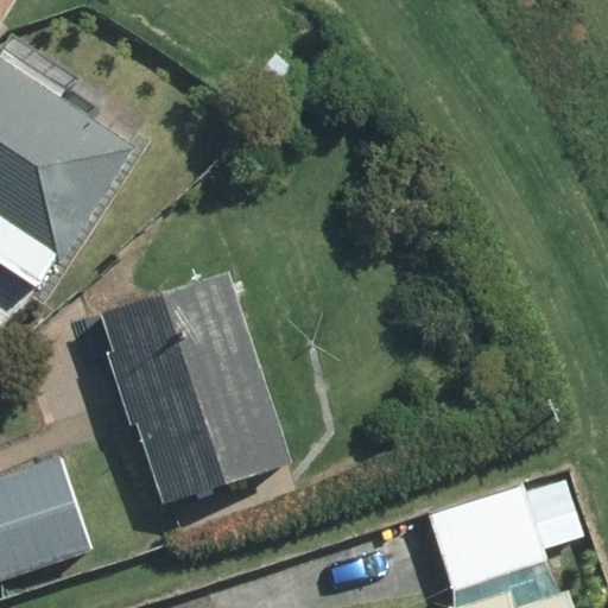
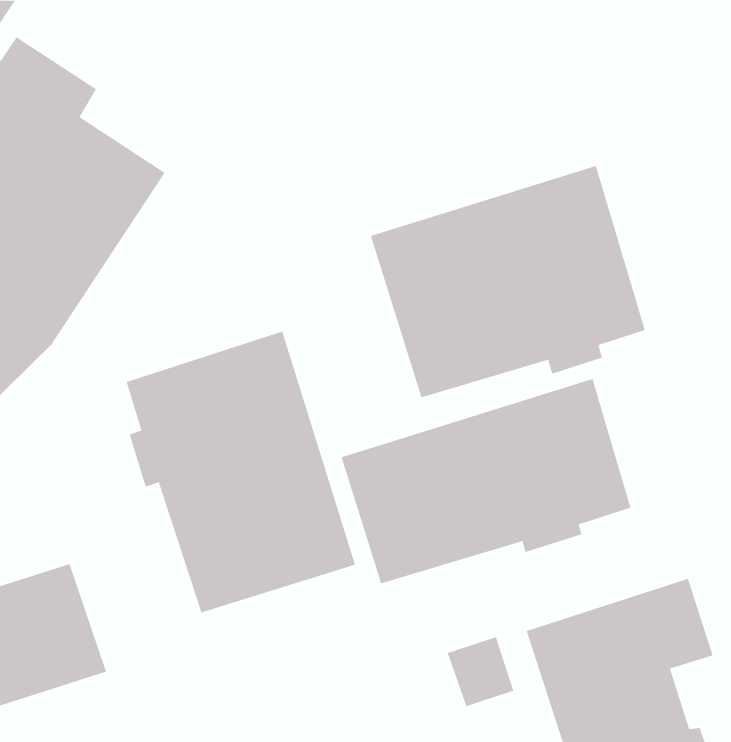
building: none -> [370,165,646,398]
building: none -> [341,378,631,584]

